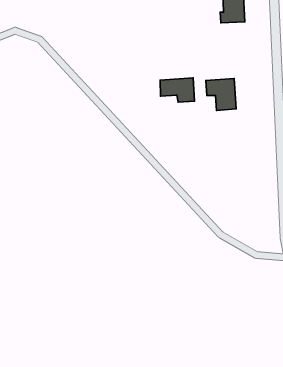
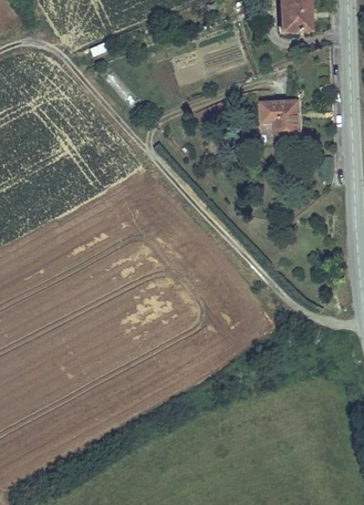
building: [160,78,194,102] -> none

